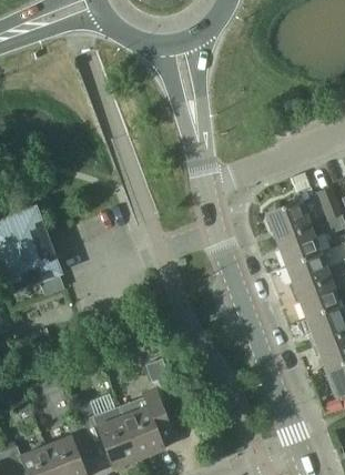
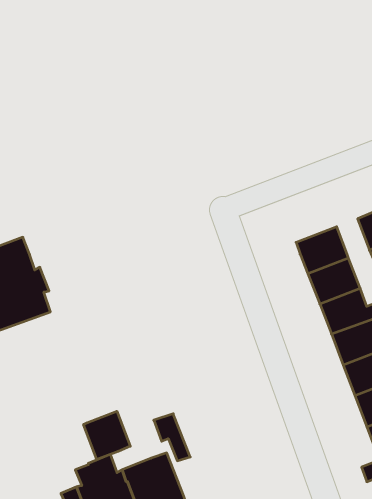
building: none -> [84,411,130,459]

